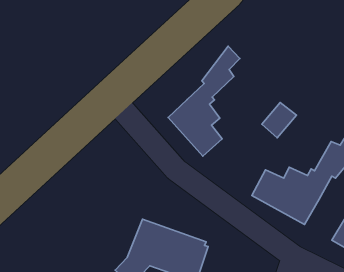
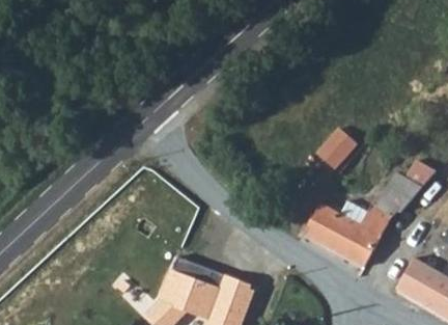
building: [168,46,240,156] -> none

